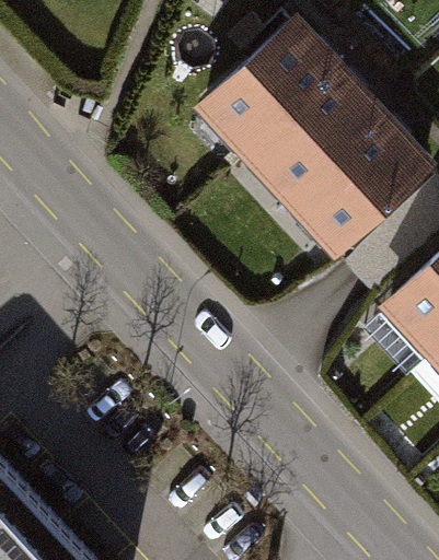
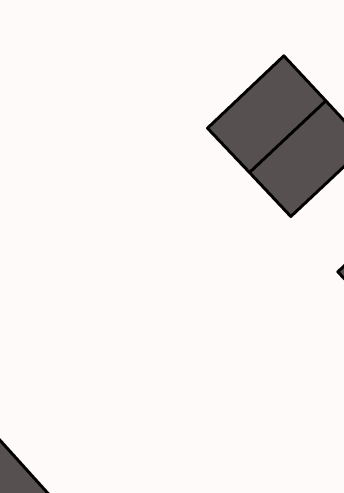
building: [204,30,333,155] -> none

